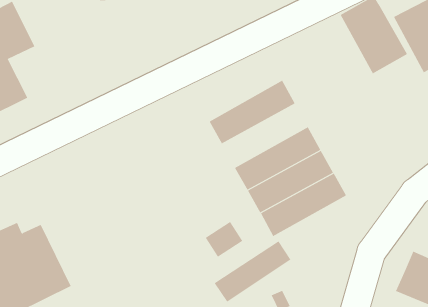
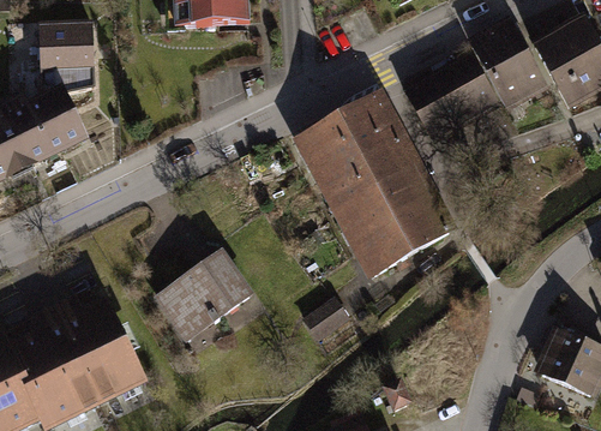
building: none -> [404,52,498,144]
building: none -> [293,92,398,170]
building: [260,173,347,237] -> [324,149,429,227]
building: none -> [156,249,257,345]
building: [214,241,291,303] -> none

